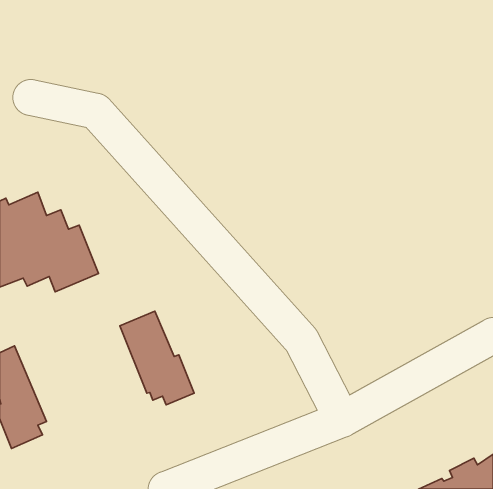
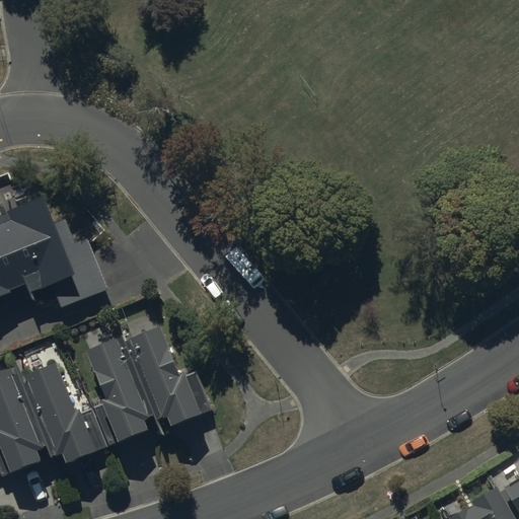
building: none -> [86,337,154,445]
building: none -> [28,364,107,462]

